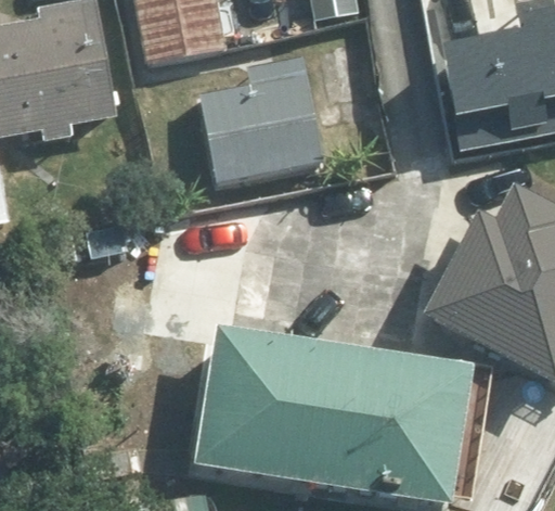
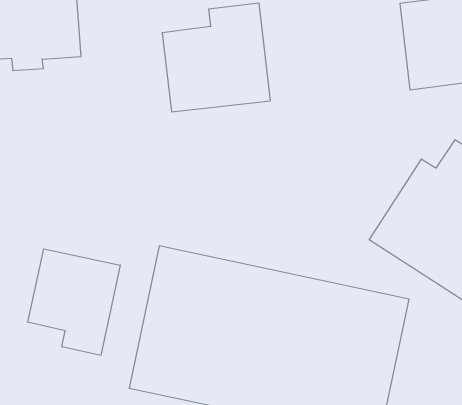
building: none -> [28,249,120,355]

